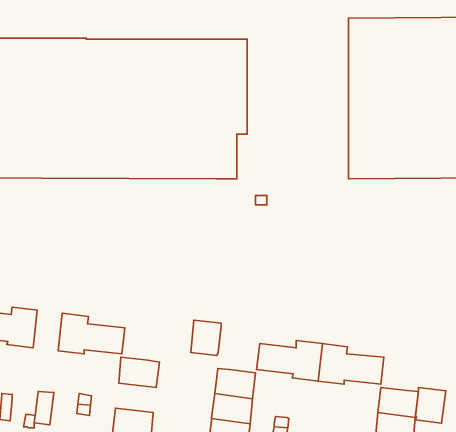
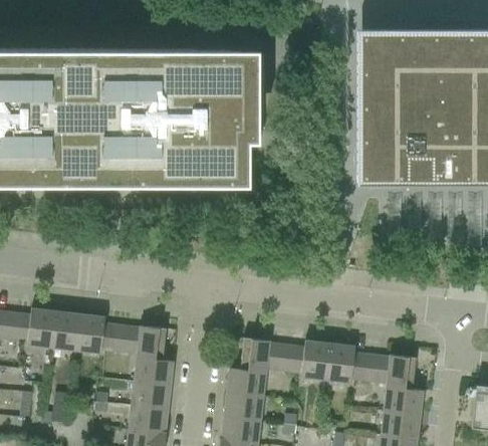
building: none -> [52,312,80,352]
building: [191,320,221,355] -> [241,339,270,373]
building: none -> [137,326,166,361]
building: none -> [132,383,171,411]
building: [416,388,446,423] -> [387,356,416,390]

